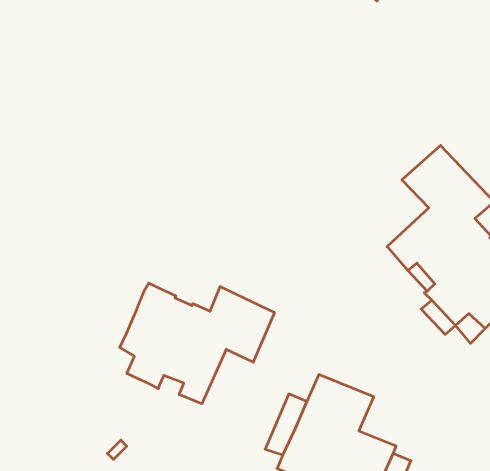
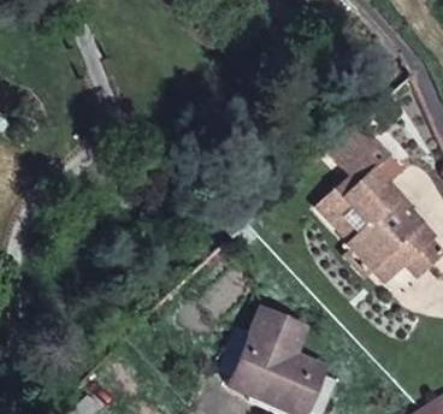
building: [120,283,274,404] -> none

